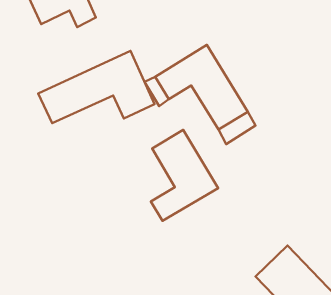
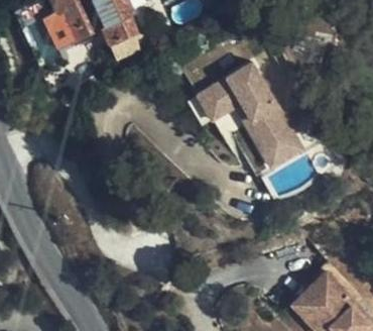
building: [38,51,155,123] -> none
building: [151,130,218,221] -> none

